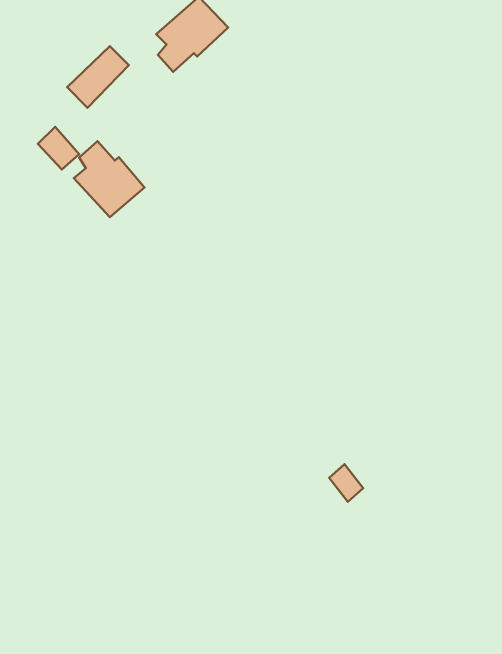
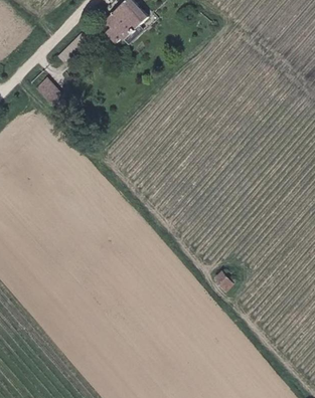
building: [74,141,144,217] -> none

